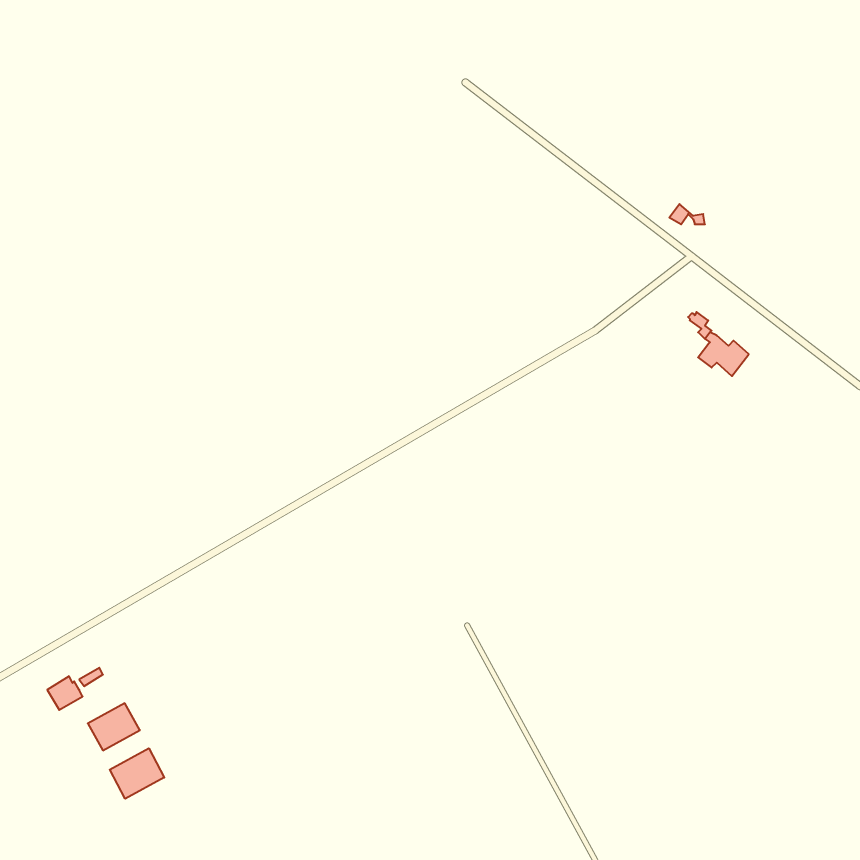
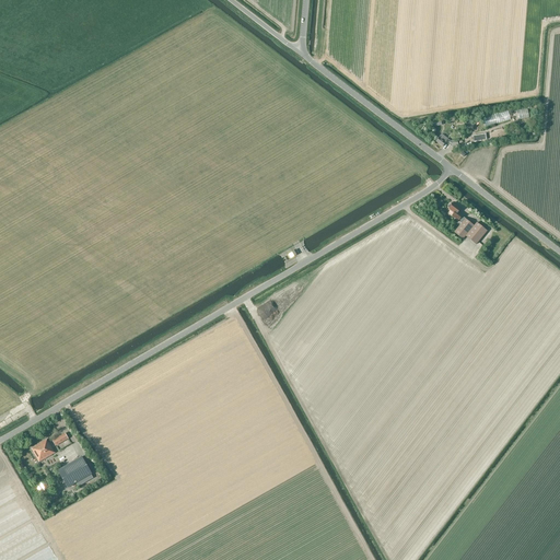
building: [110,748,164,799] -> none

